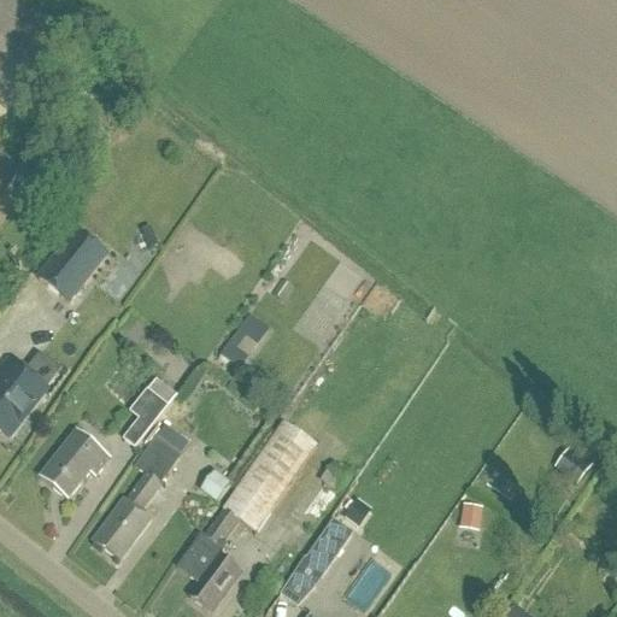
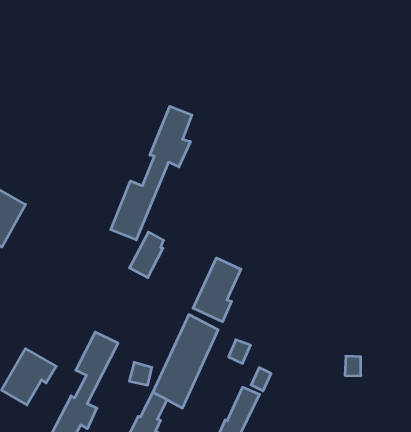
building: none -> [111,106,192,240]
building: none -> [193,258,241,322]
building: [124,376,176,446] -> none

